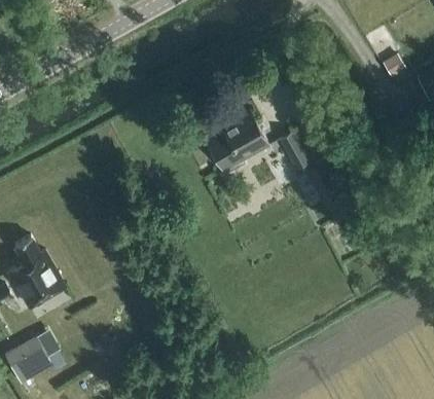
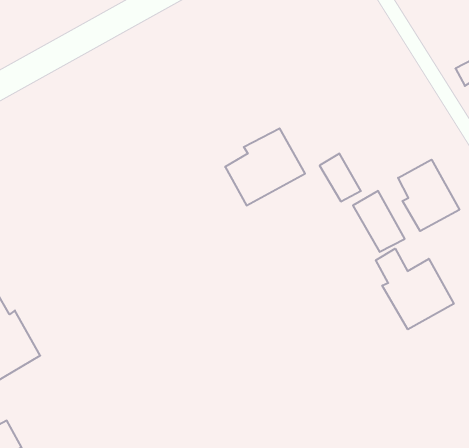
building: none -> [398,160,459,231]
building: none -> [376,249,454,329]

